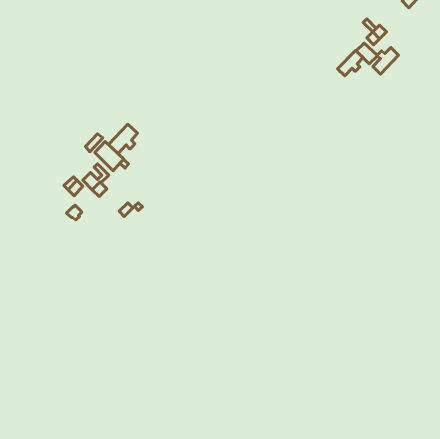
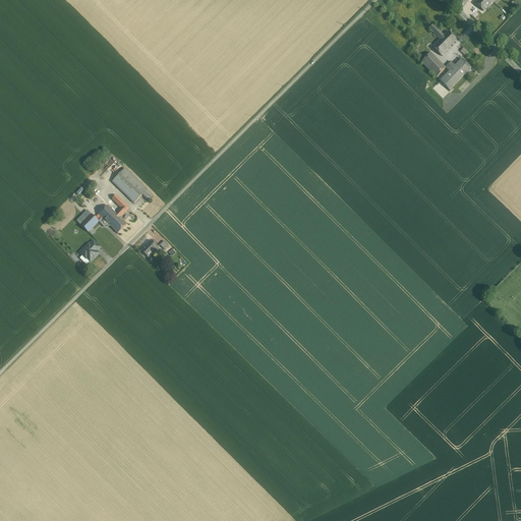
building: [337,51,363,76] -> none
building: [108,124,137,153] -> none

